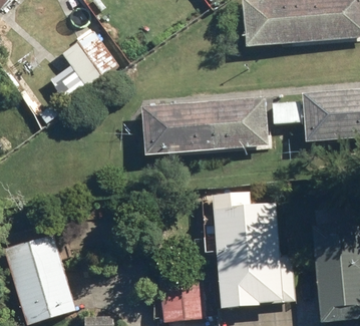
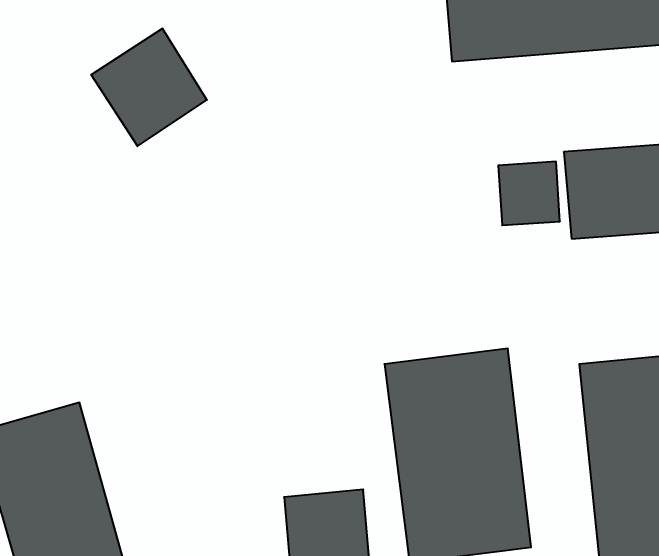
building: [140,99,267,153] -> none

